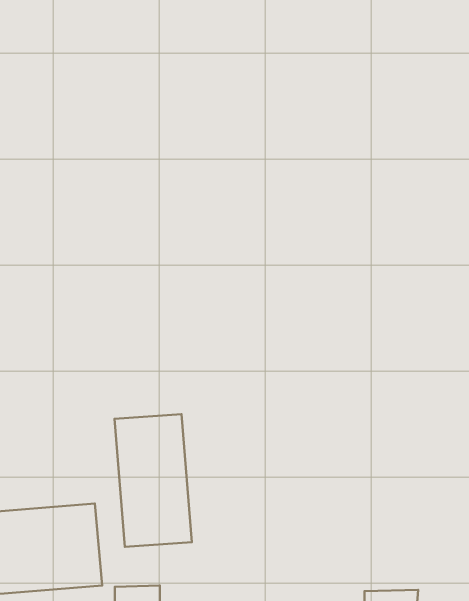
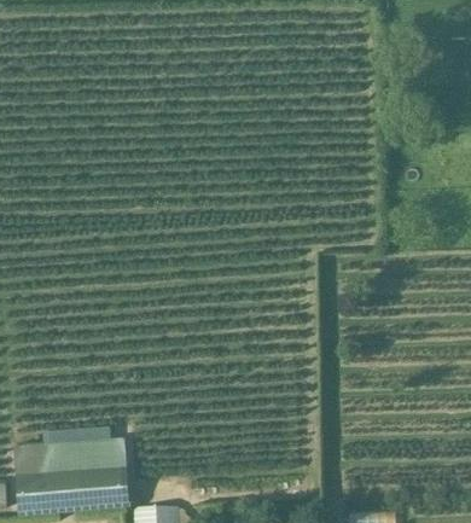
building: [114,414,192,547] -> none

